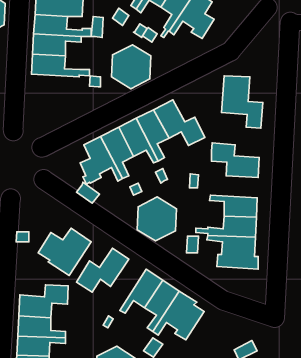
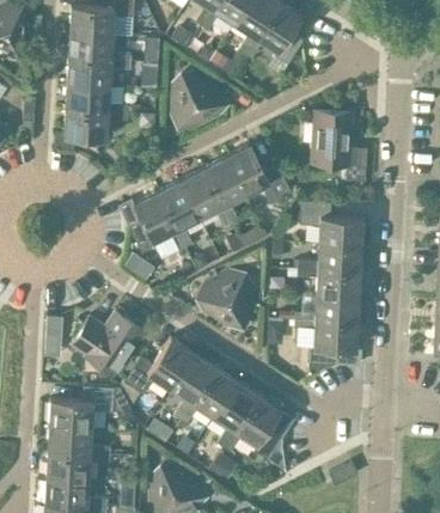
building: none -> [65,111,128,139]
building: none -> [298,244,361,273]
building: none -> [169,353,215,420]

